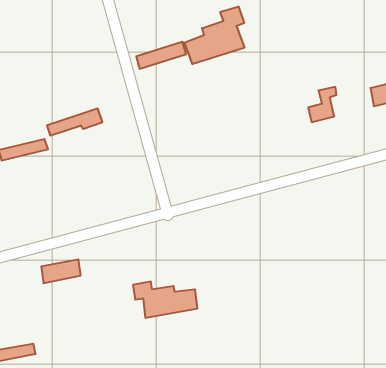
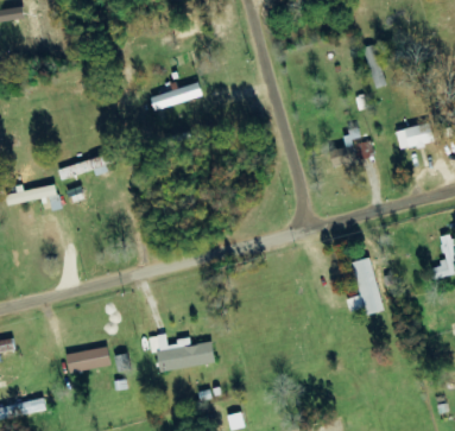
building: [184,6,244,64] -> none
building: none -> [345,256,384,315]
building: [41,260,81,283] -> [69,347,110,372]

